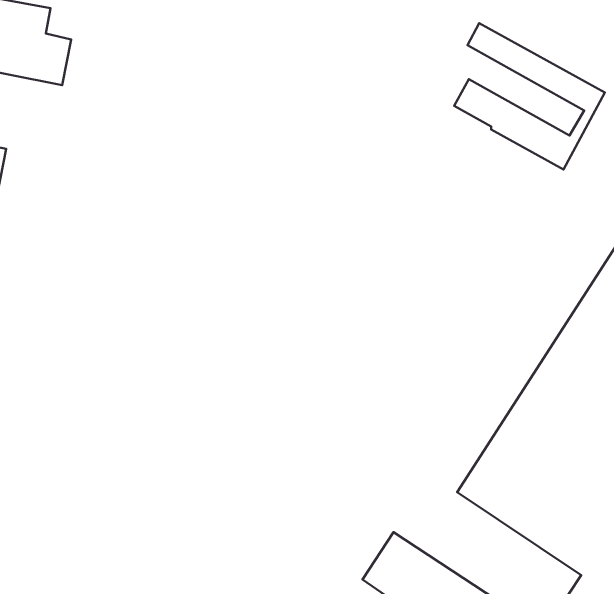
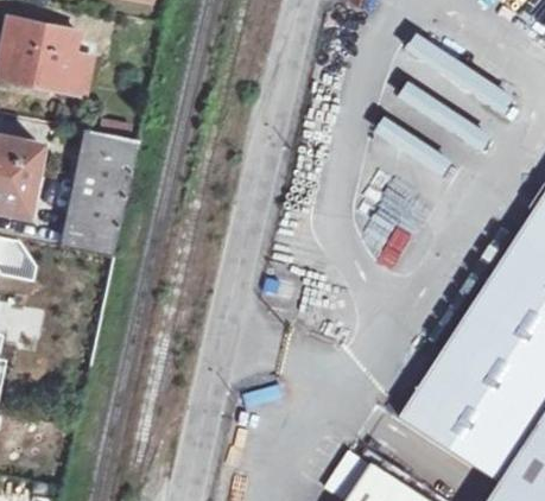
building: none -> [64,128,137,254]

